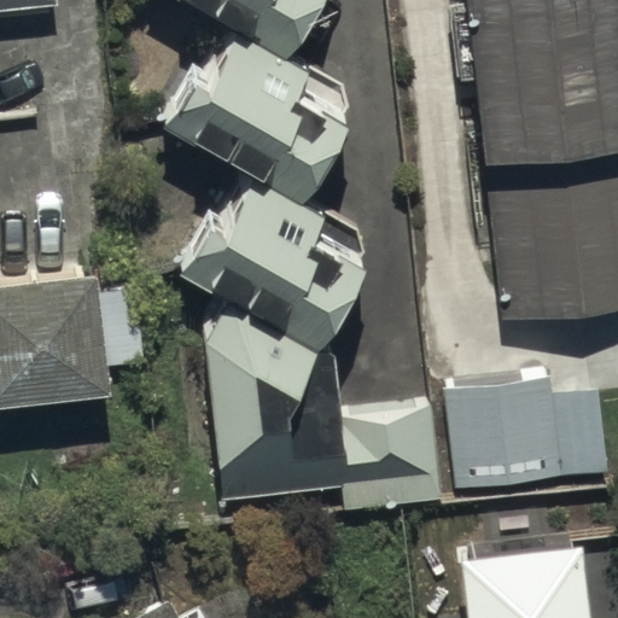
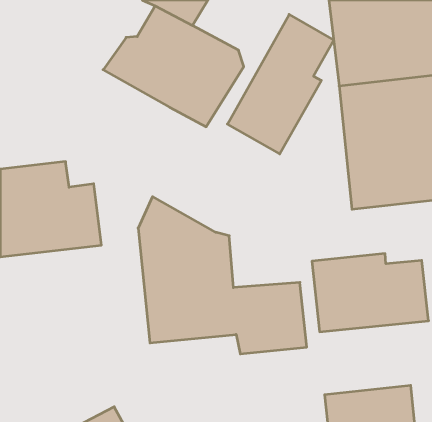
building: none -> [227,14,334,154]
building: [167,170,362,348] -> none

